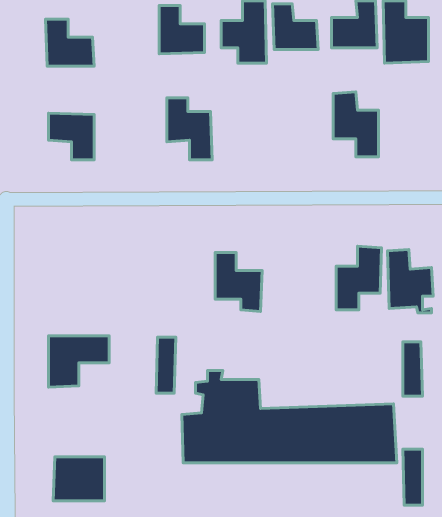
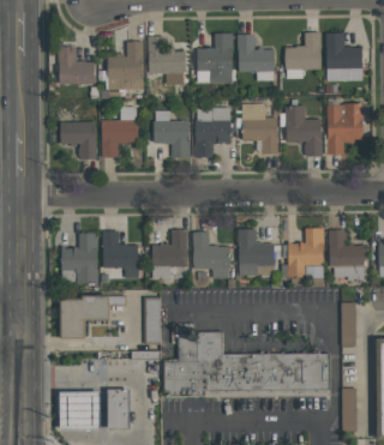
building: none -> [107,41,144,89]
building: none -> [326,103,364,154]
building: none -> [241,104,277,154]
building: none -> [101,107,137,157]
building: none -> [196,108,230,157]
building: none -> [238,228,275,276]
building: none -> [151,229,187,266]
building: none -> [102,230,138,278]
building: none -> [61,233,97,284]
building: none -> [112,389,134,429]

